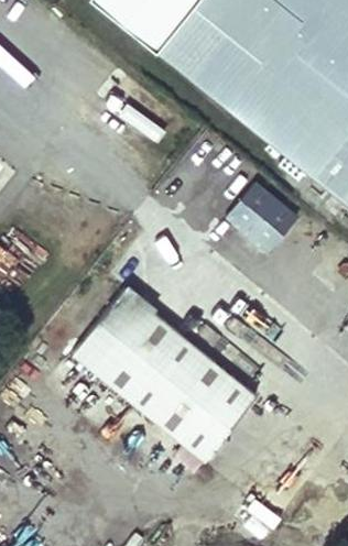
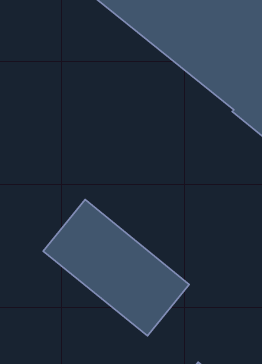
building: [222,182,295,253] -> none

